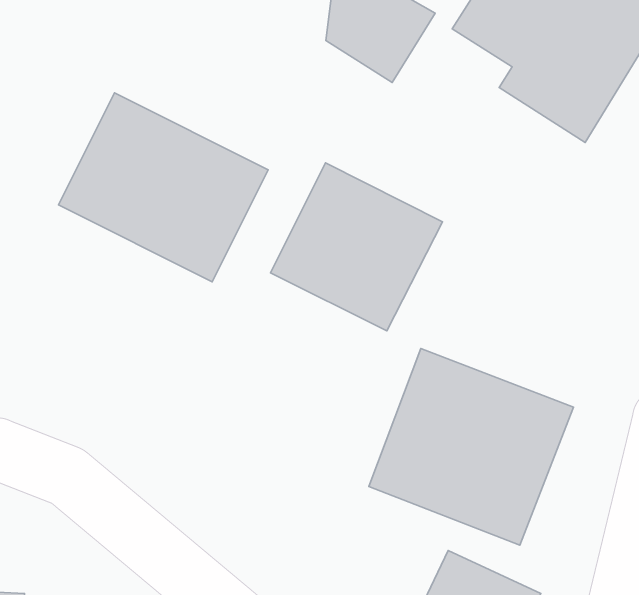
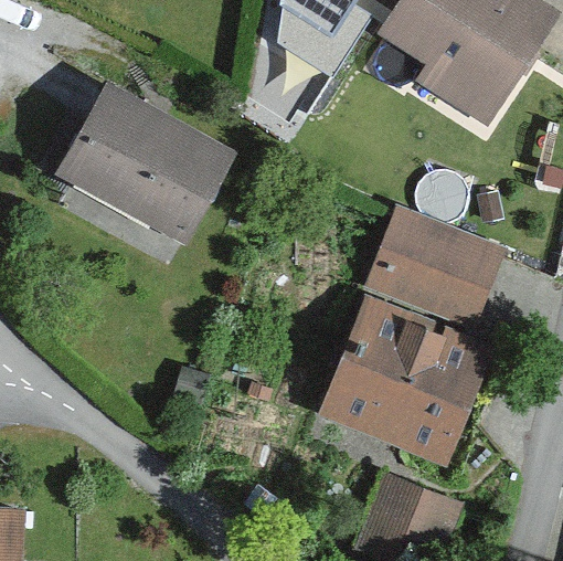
building: [270,163,442,331] -> none
building: none -> [364,211,501,329]

